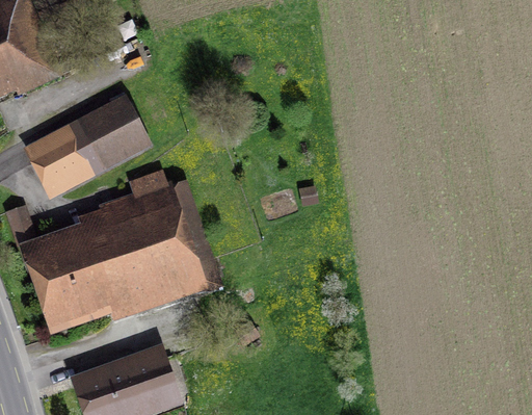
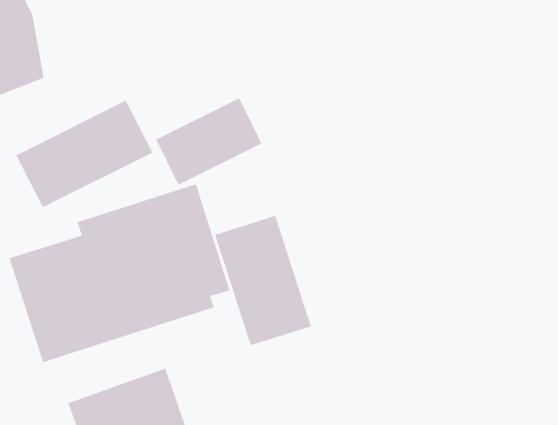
building: none -> [155,97,263,186]
building: none -> [214,215,312,346]

